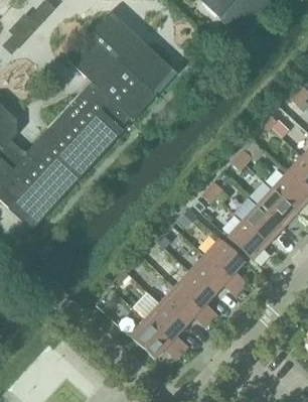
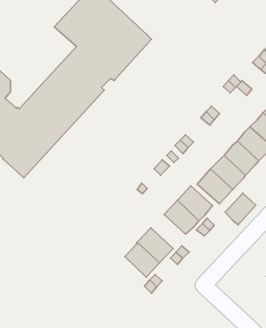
building: none -> [225,193,256,225]
building: [175,271,214,309] -> none
building: [131,318,170,358] -> none

